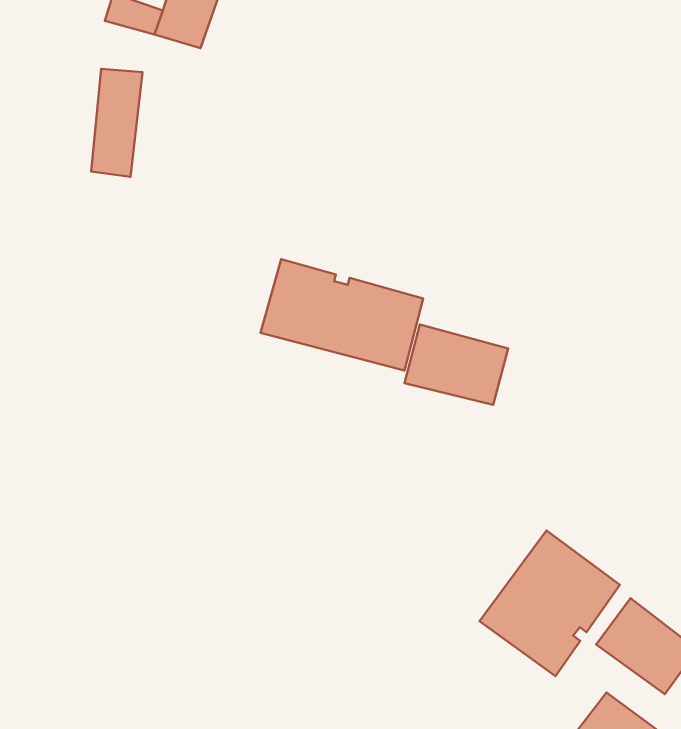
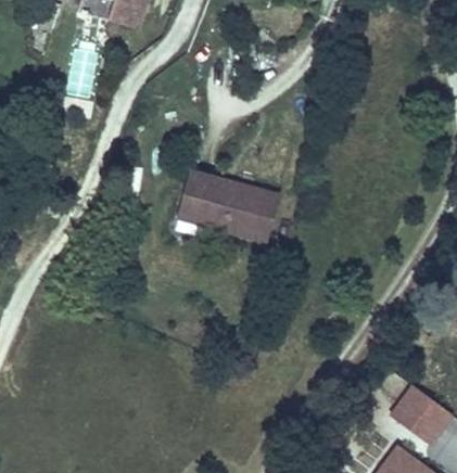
building: [404,324,508,405] -> none
building: [480,531,620,676] -> none

